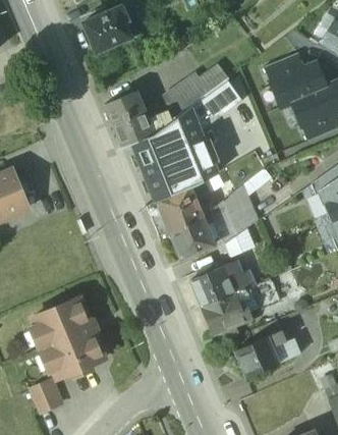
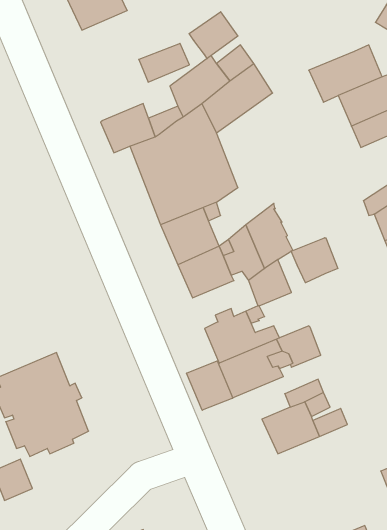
building: none -> [189,12,238,59]
building: [264,53,304,83] -> none
building: [105,92,144,121] -> [139,43,189,82]
building: none -> [291,238,338,283]
building: none -> [187,361,233,410]

